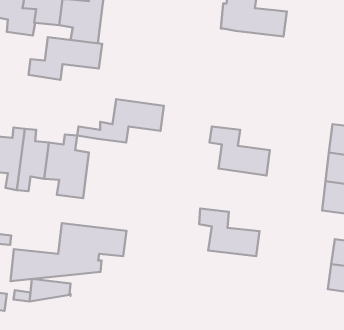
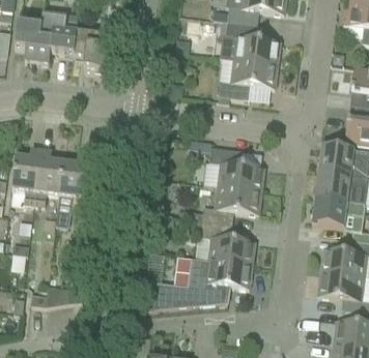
building: none -> [218,59,277,97]
building: [29,37,102,80] -> none
building: [77,99,164,142] -> [182,184,261,223]
building: [10,223,127,281] -> [146,257,252,309]

